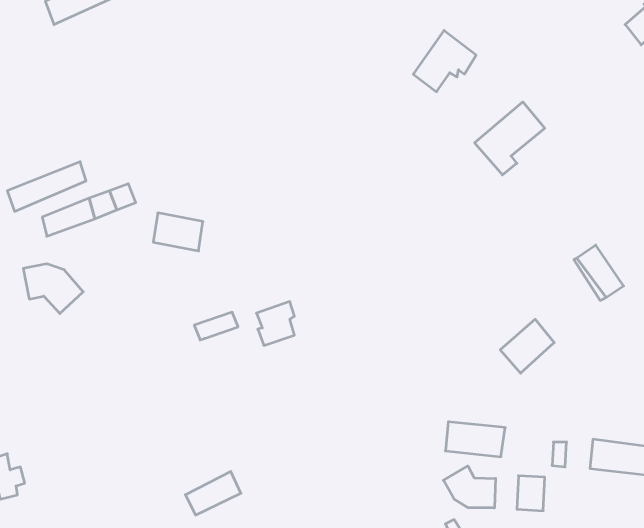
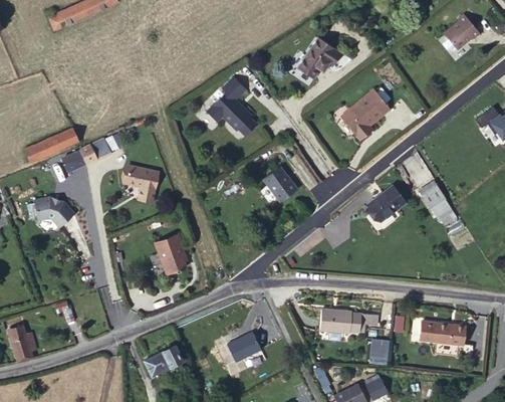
building: none -> [205,81,252,140]
building: none -> [260,166,294,203]
building: [256,302,294,345] -> [157,242,183,272]
building: [500,319,554,373] -> [367,186,405,223]
building: none -> [225,329,260,360]
building: [443,466,496,508] -> none

